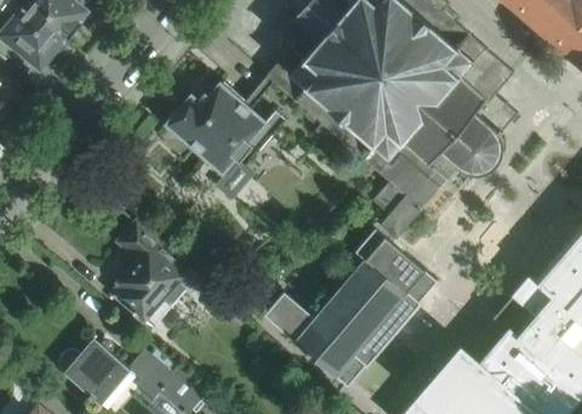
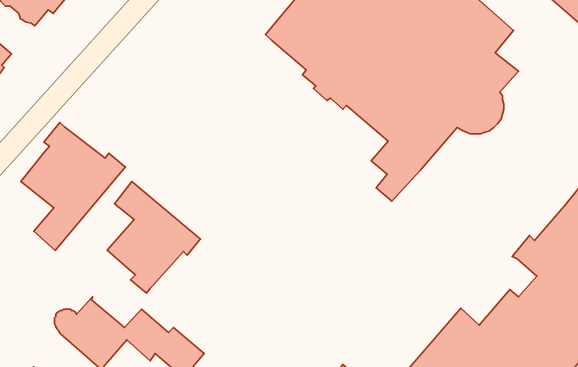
building: [162,76,285,176] -> none
building: none -> [21,123,125,251]
building: [264,227,438,386] -> none

